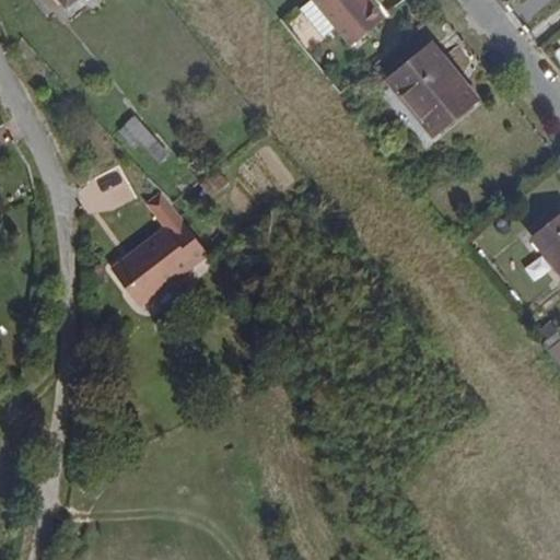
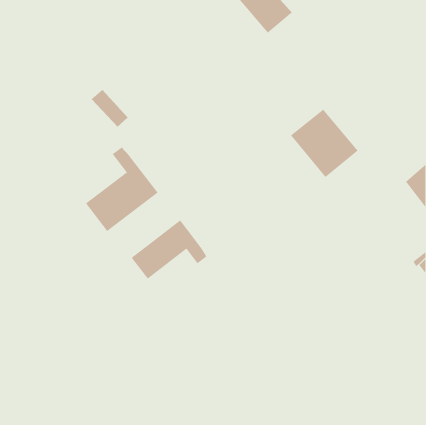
building: [385,44,475,135] -> [290,109,358,178]
building: none -> [131,219,207,280]

